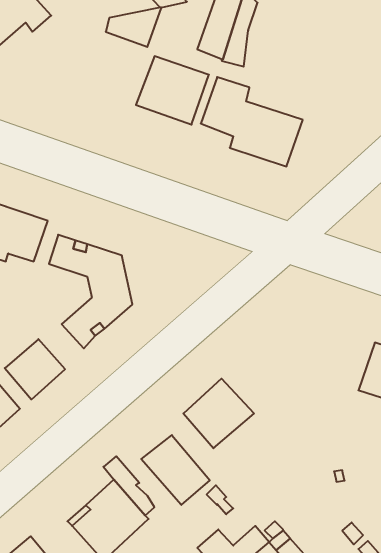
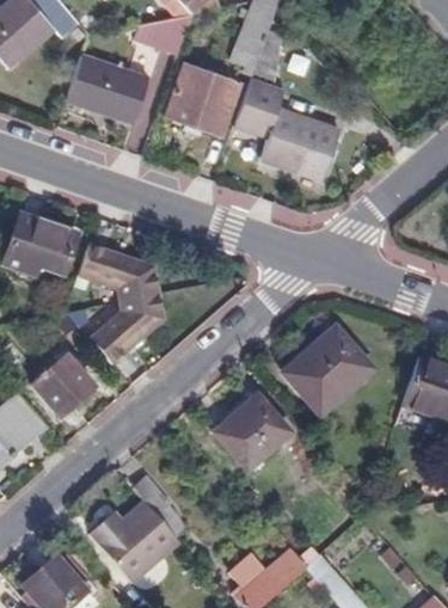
building: none -> [69,55,148,119]
building: none -> [284,325,374,412]
building: [141,435,210,505] -> none

